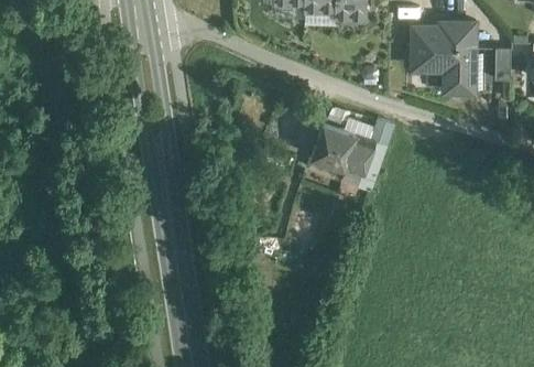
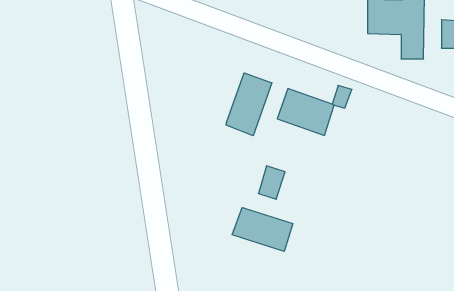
building: none -> [226,73,272,136]
building: none -> [232,208,293,251]

